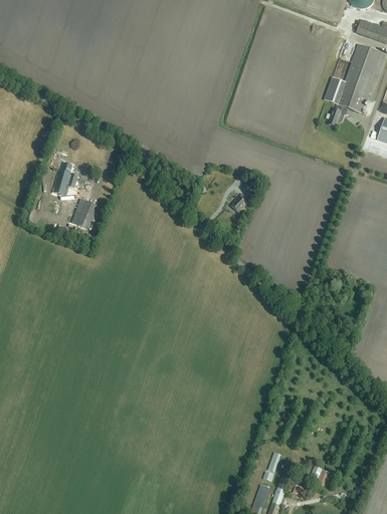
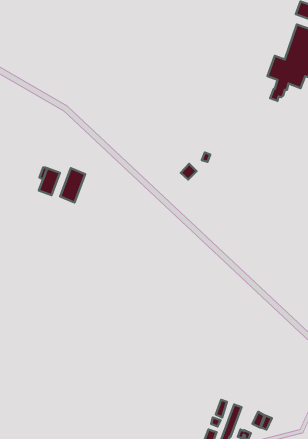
building: [54,163,77,194] -> none
building: none -> [60,168,85,202]

